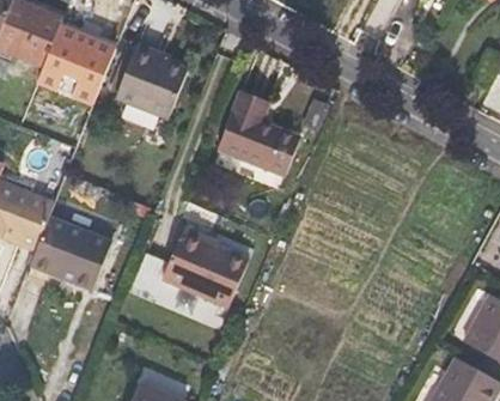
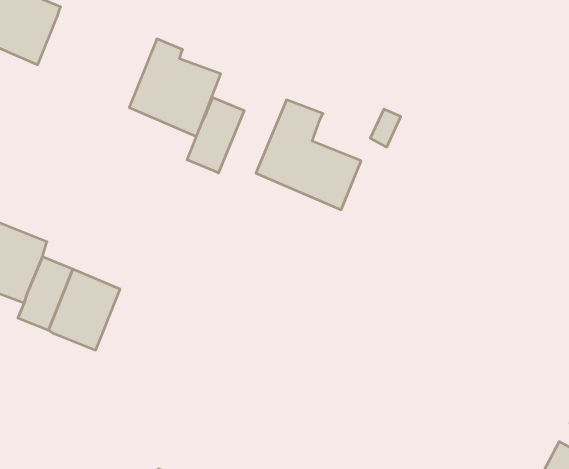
building: [44,24,114,85] -> none
building: none -> [187,98,244,173]
building: [161,227,248,304] -> none

